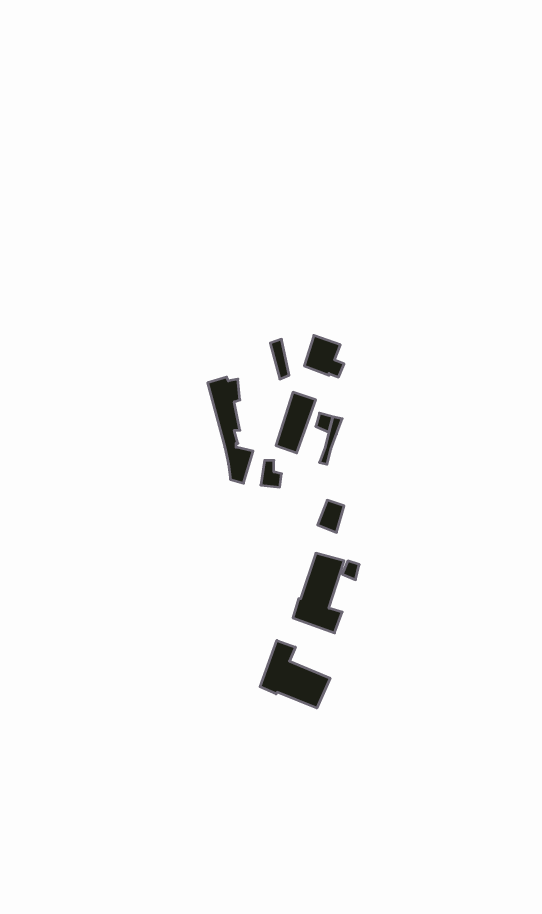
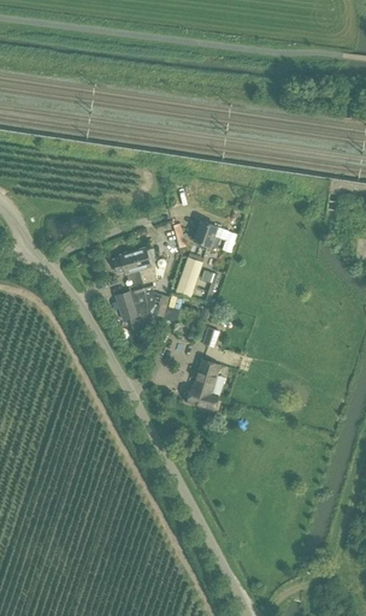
building: none -> [114,251,148,333]
building: [260,640,330,708] -> none

